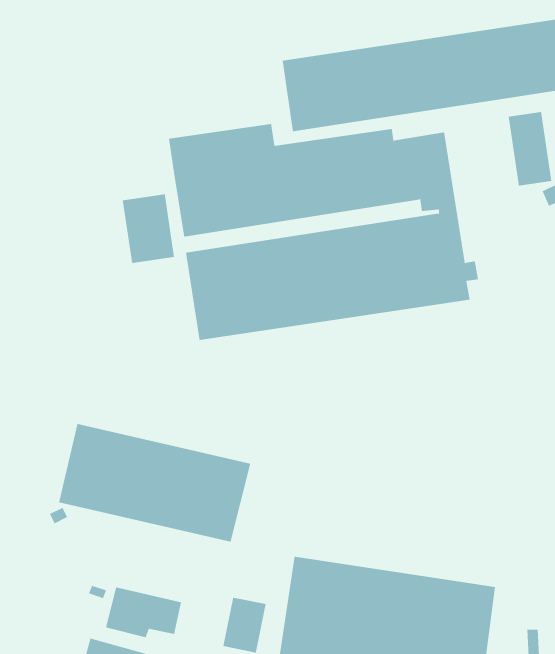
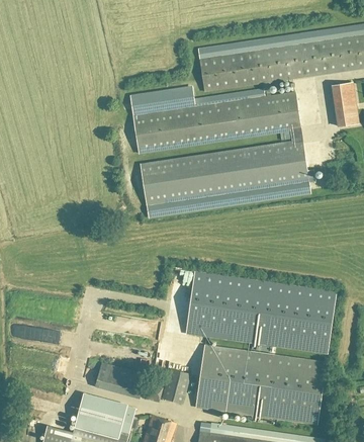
building: [122,193,175,264] -> none
building: [59,423,251,542] -> none
building: none -> [185,272,335,353]

